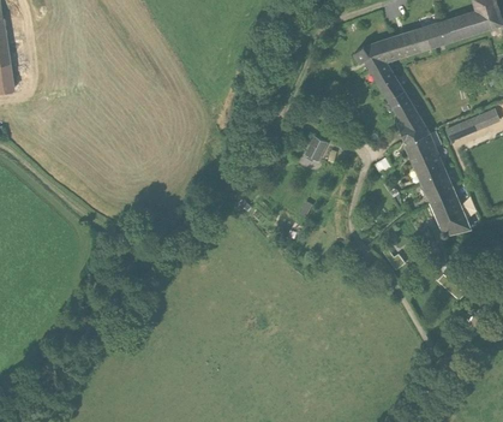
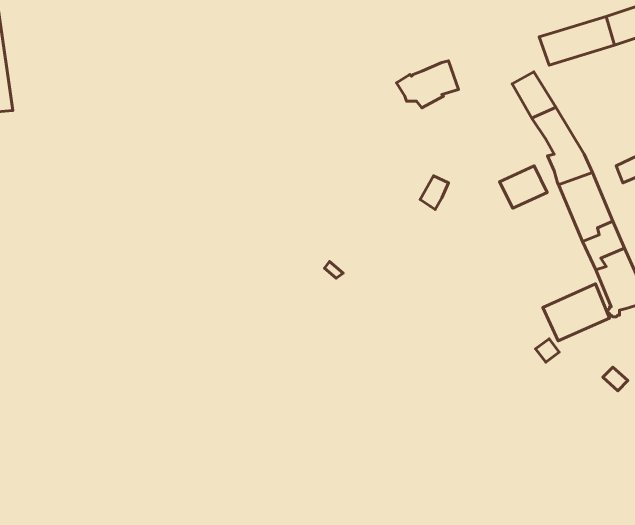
building: [354,38,399,72] -> [397,61,459,108]
building: none -> [500,166,547,208]
building: none -> [543,284,610,341]

